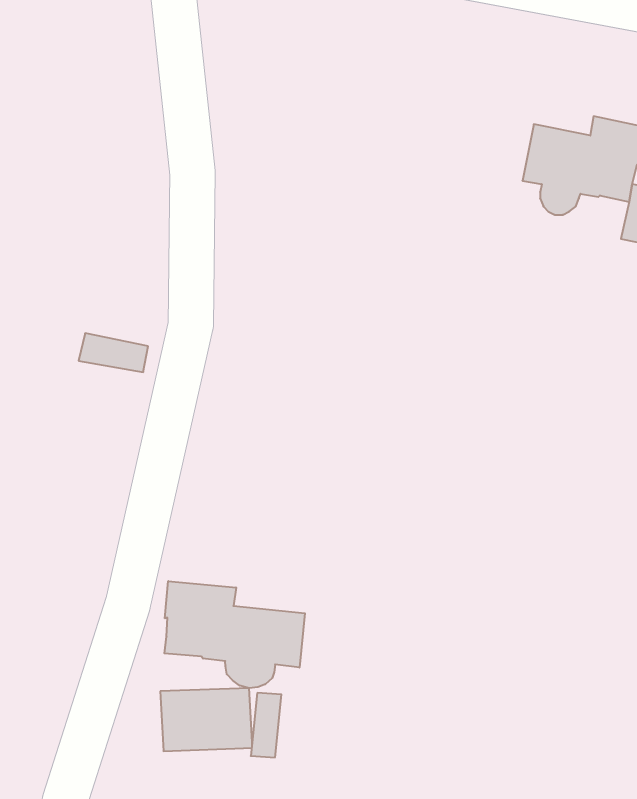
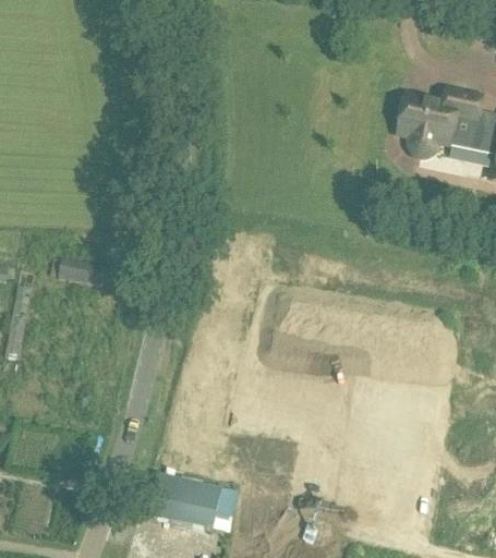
building: [79,333,148,372] -> [59,262,106,288]
building: [164,581,305,688] -> none

